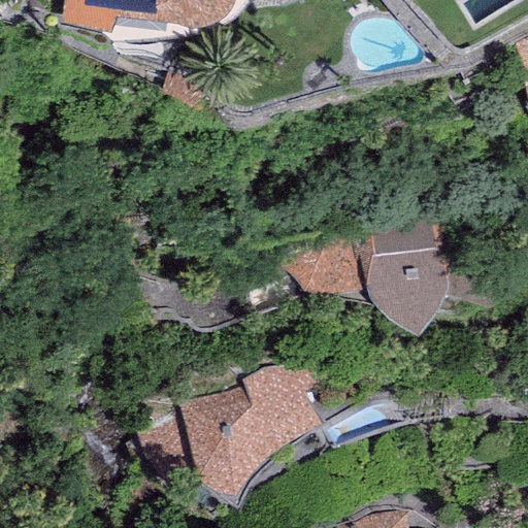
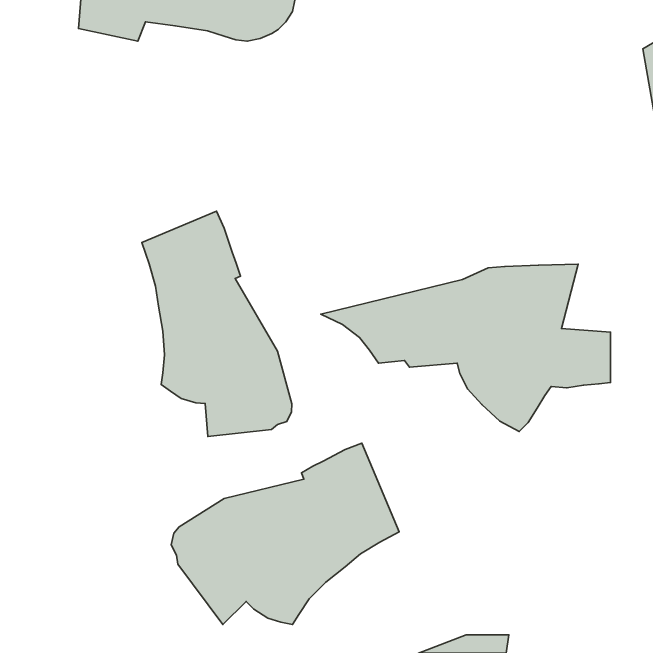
building: none -> [142,211,292,436]

